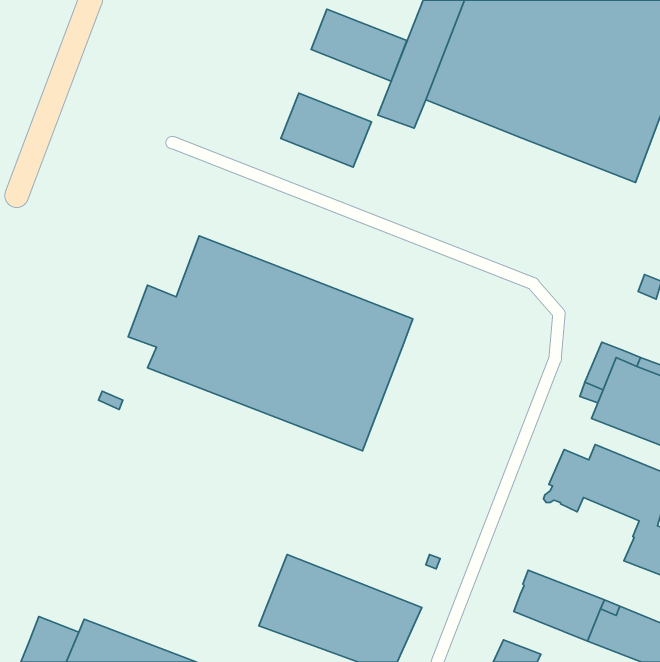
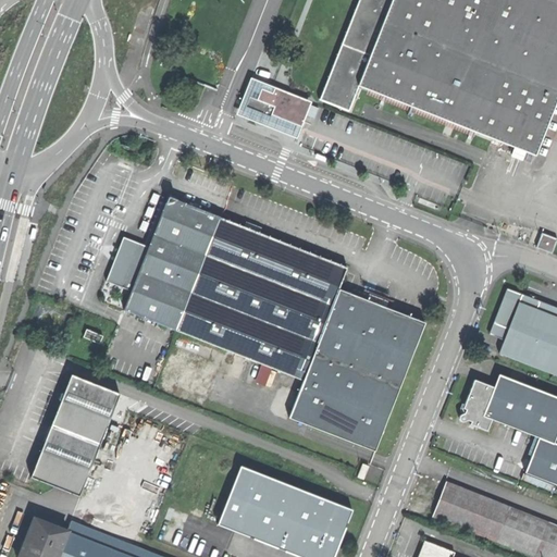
building: [311,9,407,81] -> none
building: none -> [290,288,426,450]
building: none -> [30,374,120,496]

